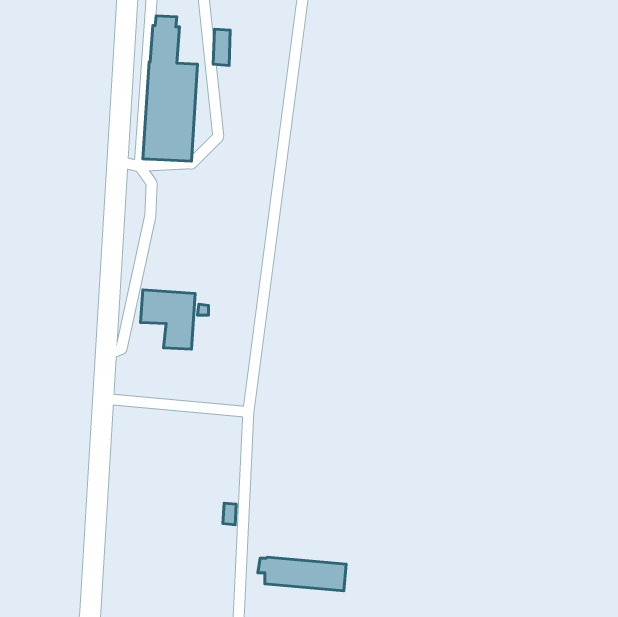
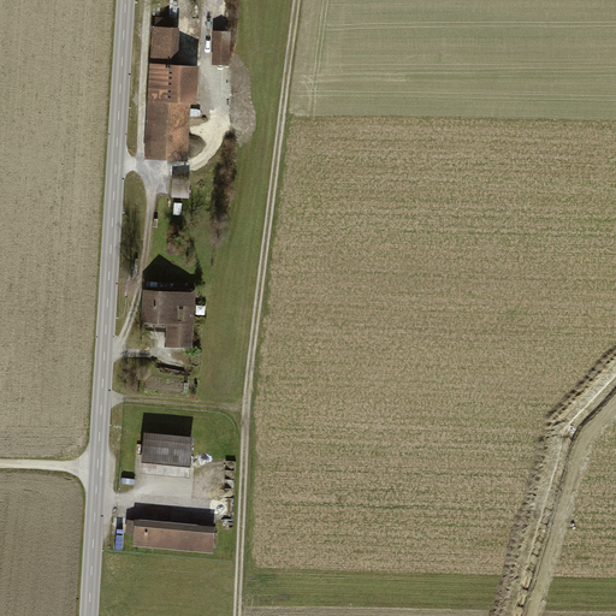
building: none -> [138,431,191,475]
building: [258,557,346,591] -> [126,519,214,552]

